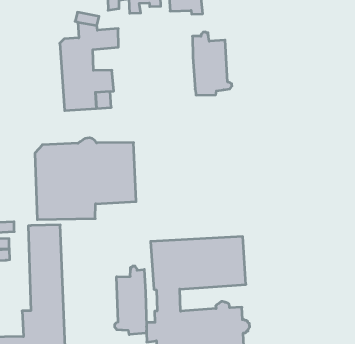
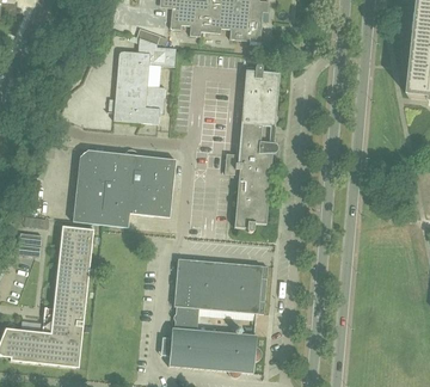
building: none -> [223,122,277,232]
building: [115,266,146,335] -> none

